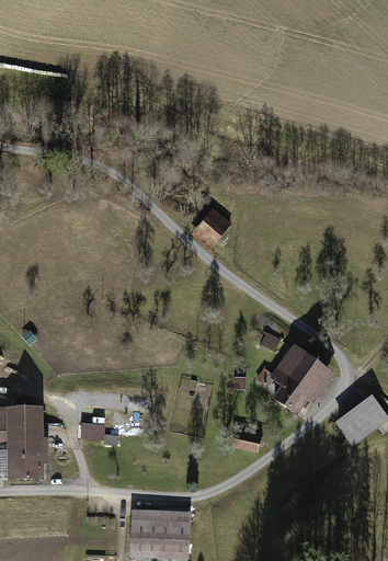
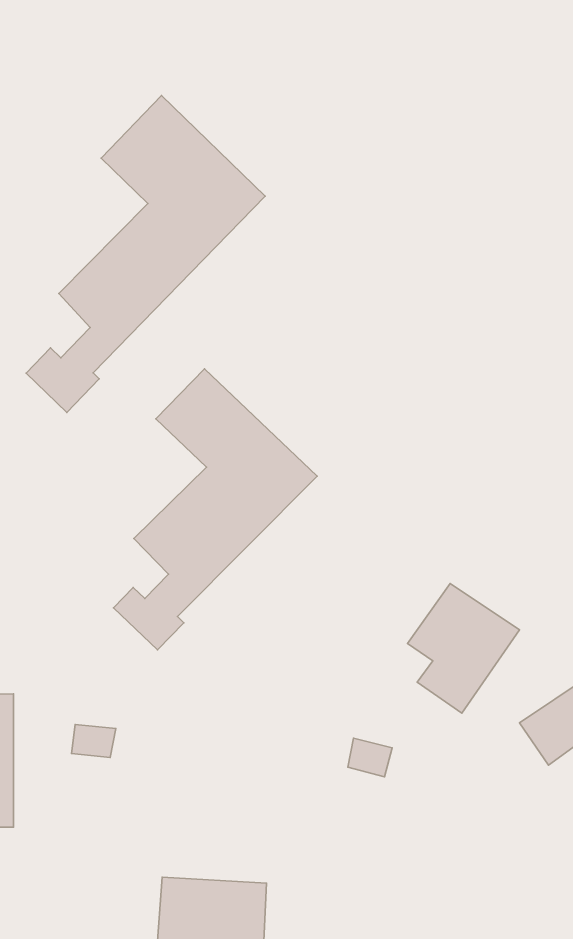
building: none -> [26,95,265,413]
building: [191,209,230,249] -> none
building: none -> [114,369,317,650]

